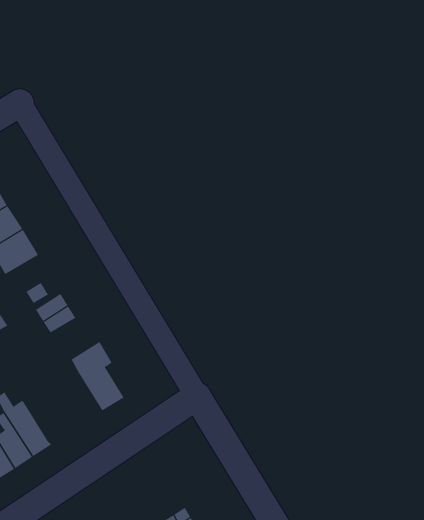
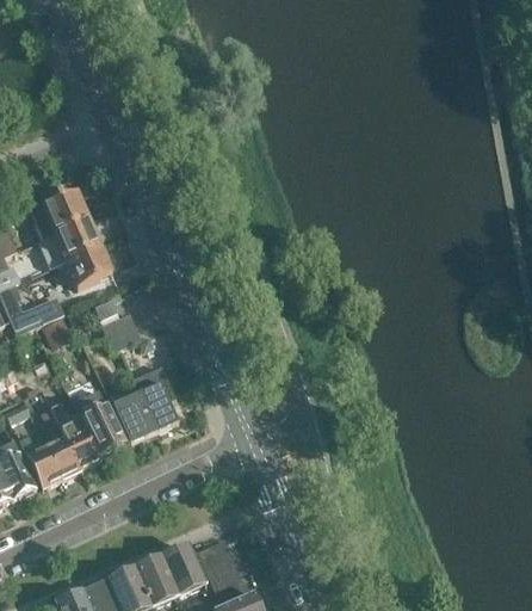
building: none -> [81,383,124,456]
building: none -> [112,394,154,443]

